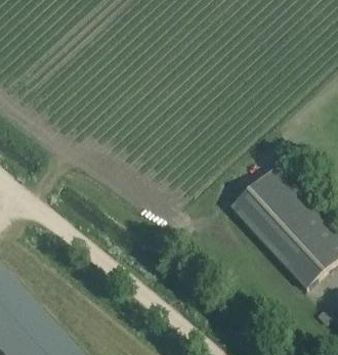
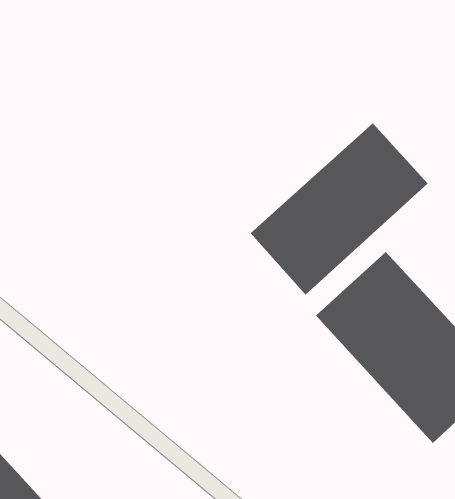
building: none -> [250,123,429,295]

